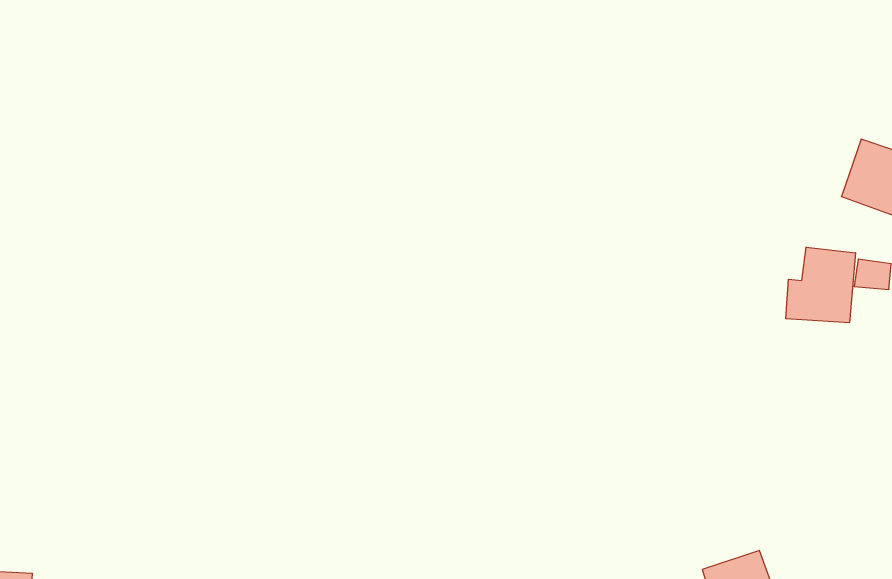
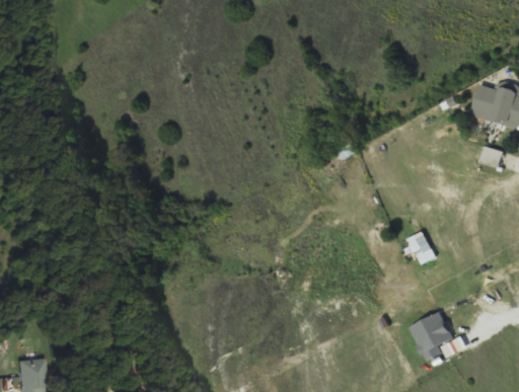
building: [786,247,856,323] -> none
building: none -> [406,231,436,264]

